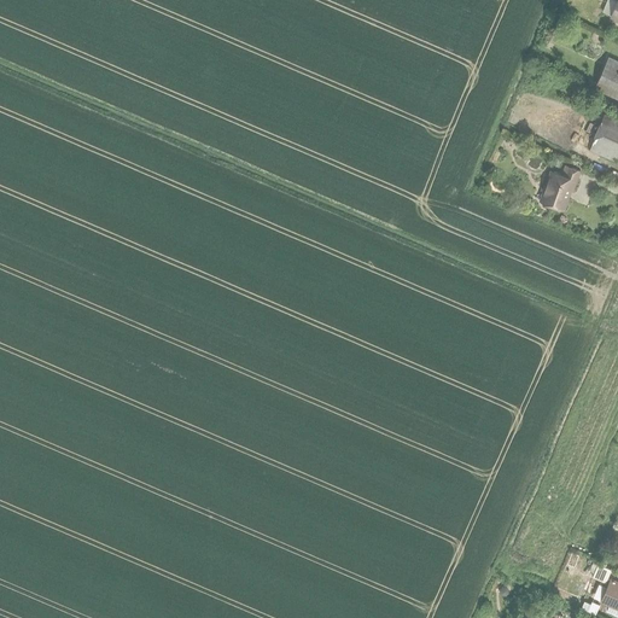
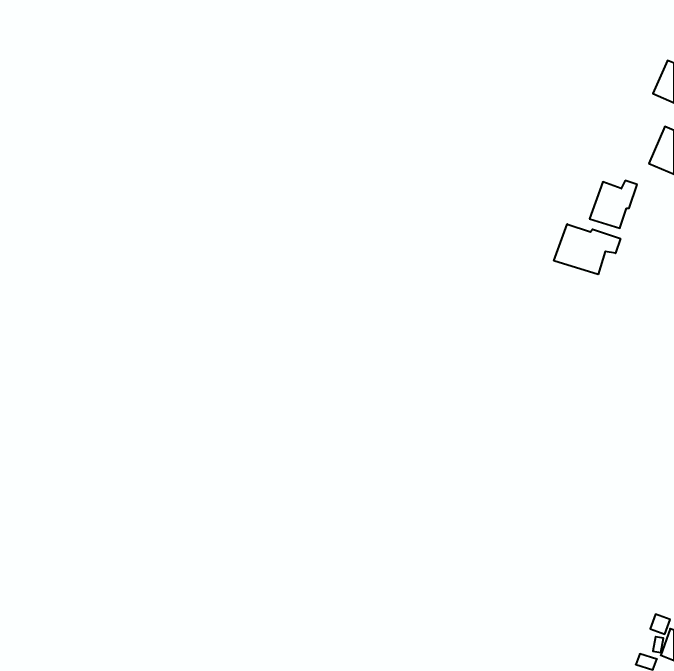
building: none -> [554,224,620,274]

